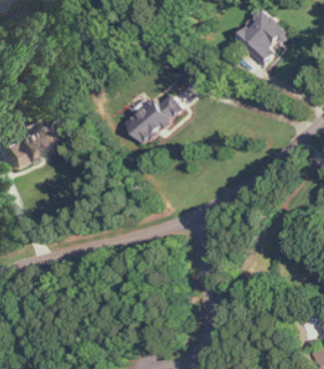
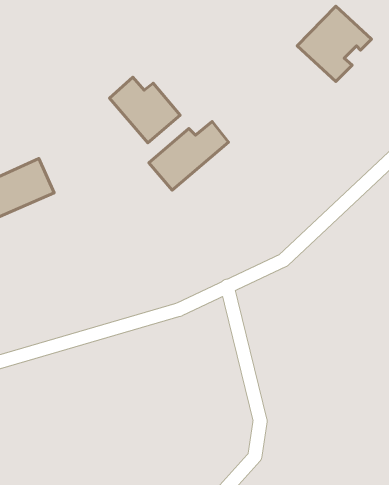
building: none -> [110,77,180,143]

